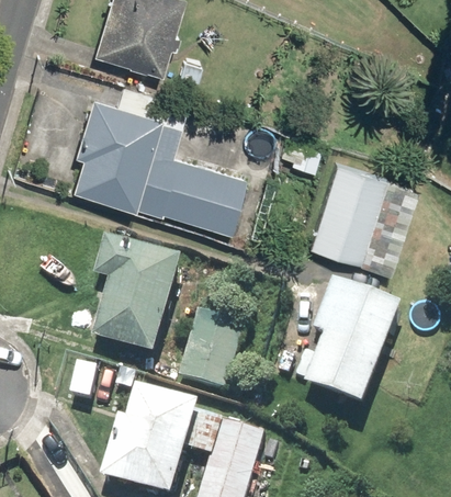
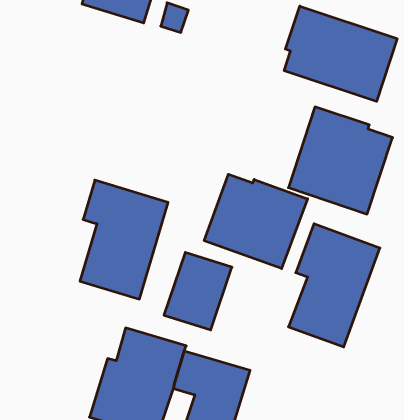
building: none -> [284,6,397,101]
building: [68,88,244,234] -> none
building: none -> [204,174,308,269]

